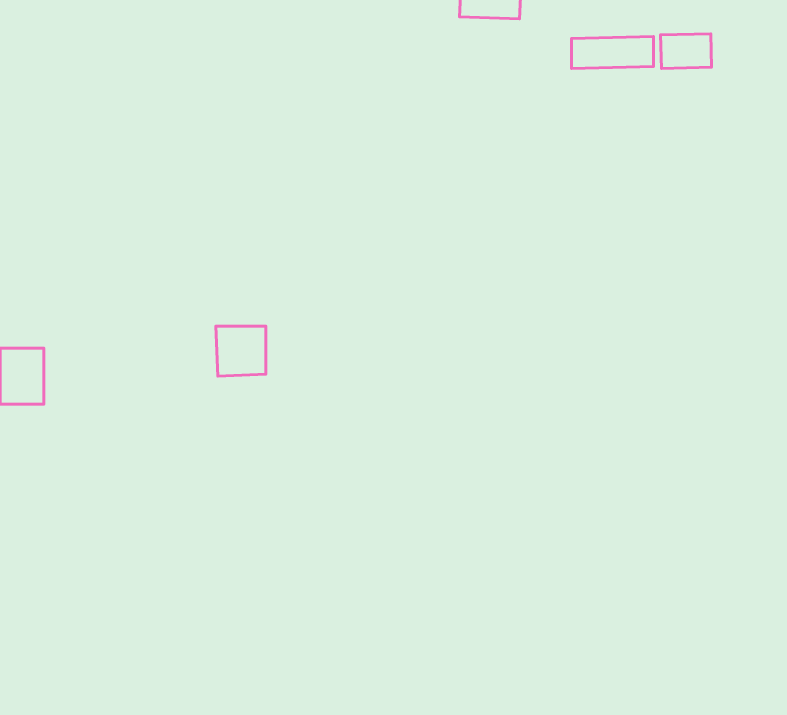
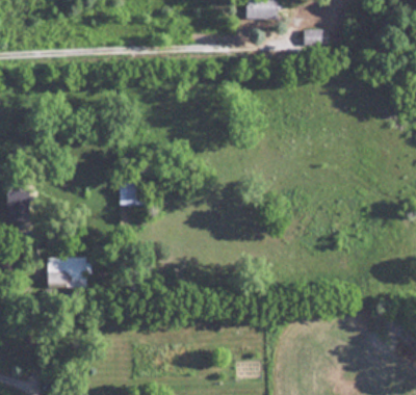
building: [661,34,712,68] -> none
building: none -> [47,258,89,289]

